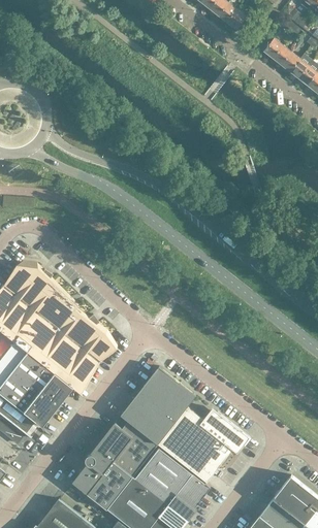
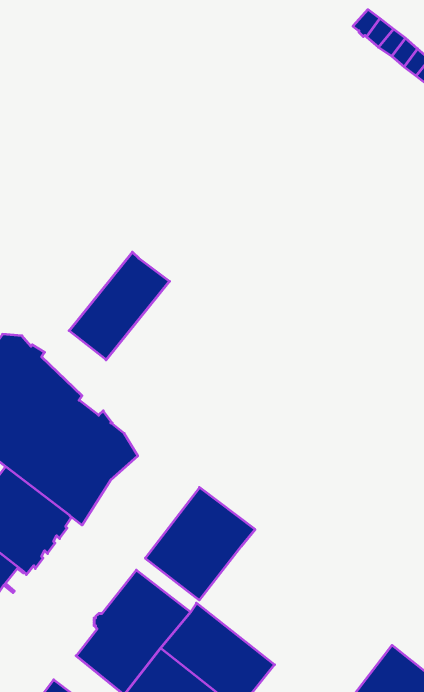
building: none -> [69,252,170,360]
building: [158,408,250,484] -> none

